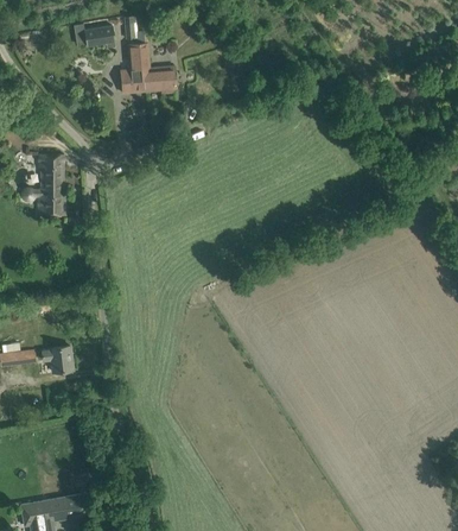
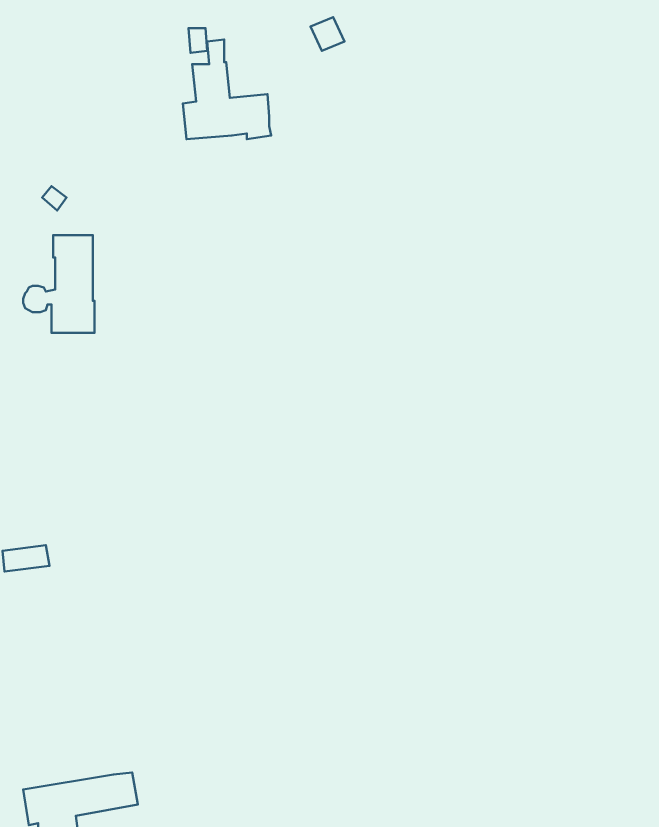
building: [84,24,116,46] -> none
building: [42,346,72,372] -> none

